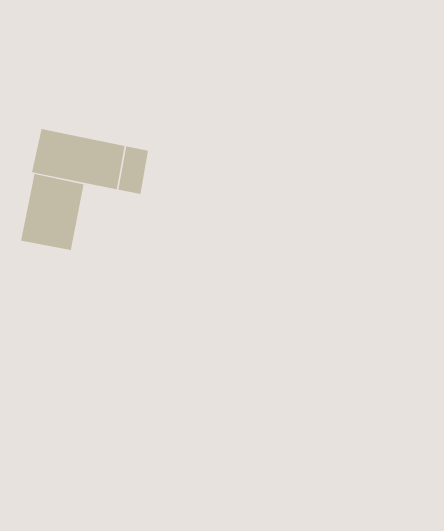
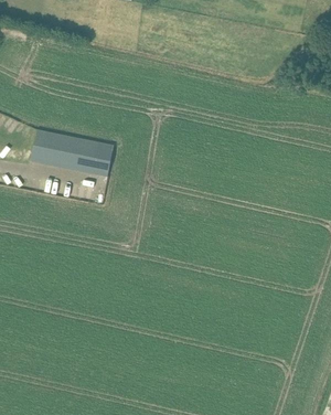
building: [21,173,84,251] -> none

